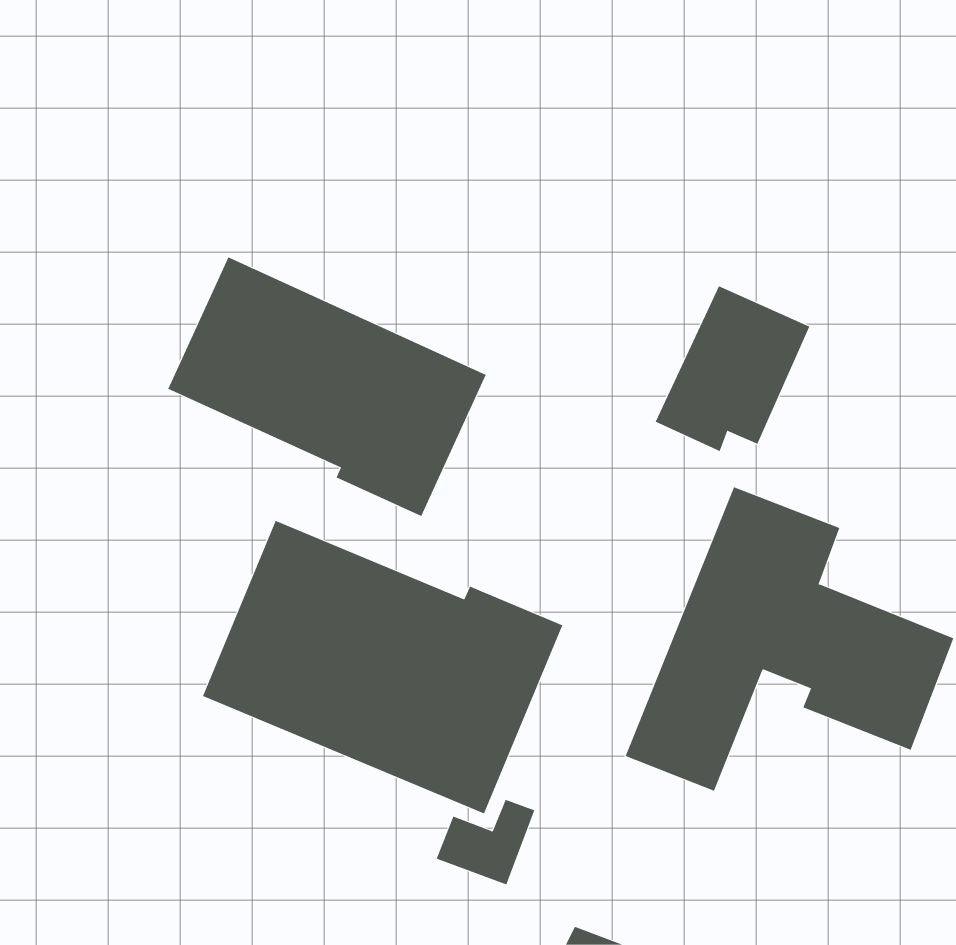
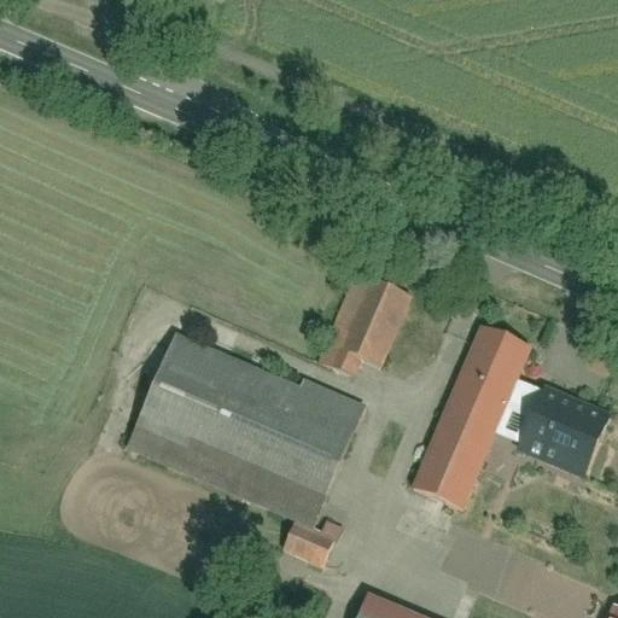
building: [168,257,487,517] -> none
building: [655,285,810,452] -> [313,268,413,375]

